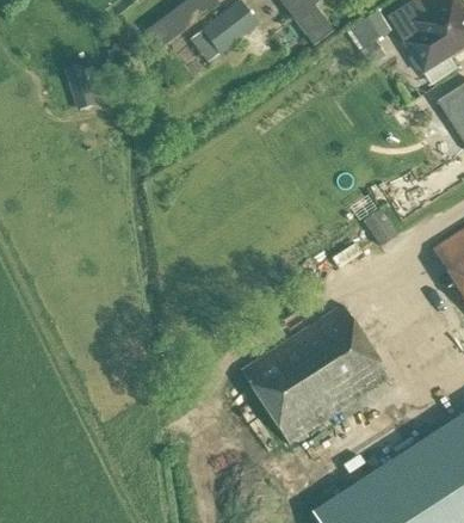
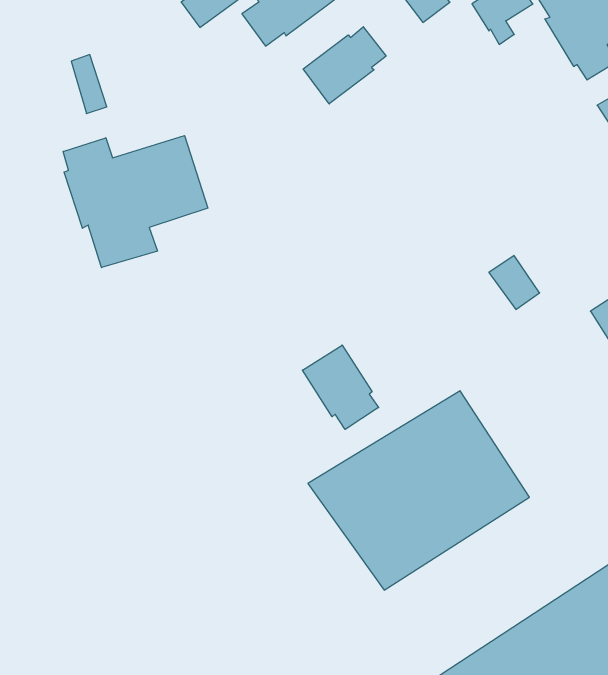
building: none -> [303,27,386,104]
building: none -> [63,136,208,268]
building: none -> [302,345,379,429]

